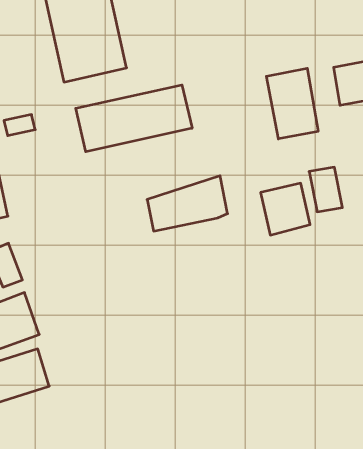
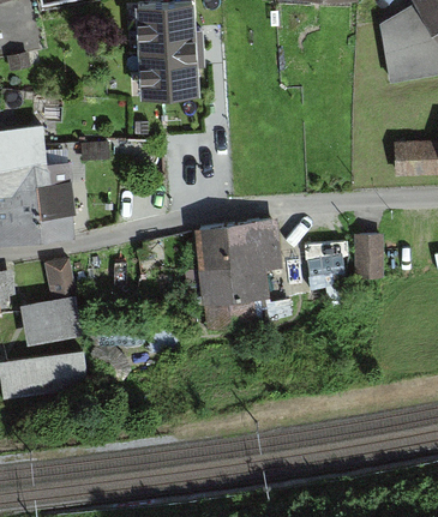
building: [266,68,318,139] -> none
building: [76,85,192,152] -> none
building: none -> [202,261,263,320]

